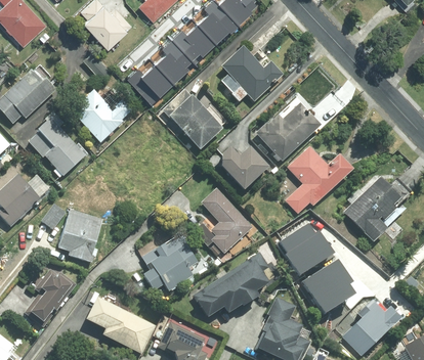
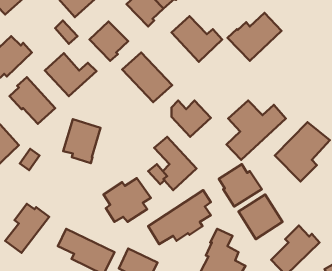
building: [146,33,194,77] -> none
building: [255,104,320,162] -> [227,13,282,61]
building: [58,211,102,263] -> [63,119,100,163]

